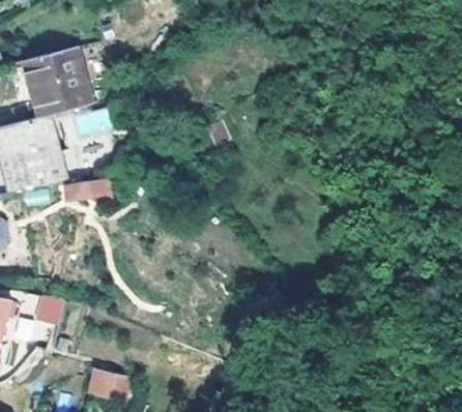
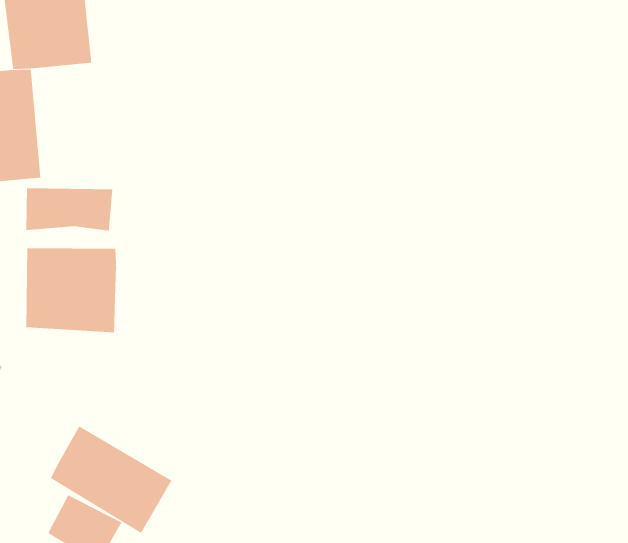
building: none -> [26,248,116,333]
building: none -> [50,426,172,534]

